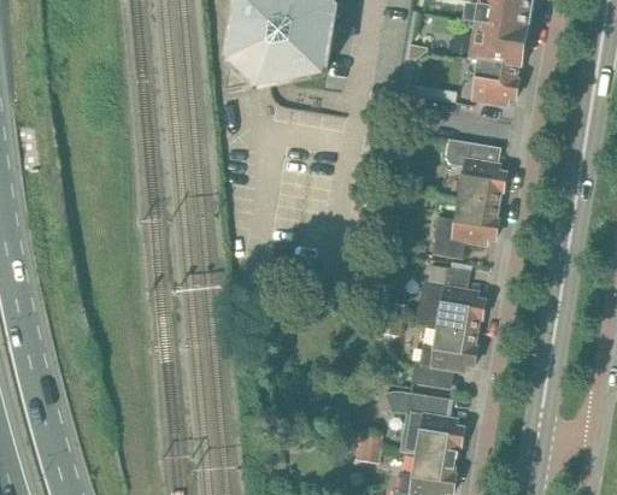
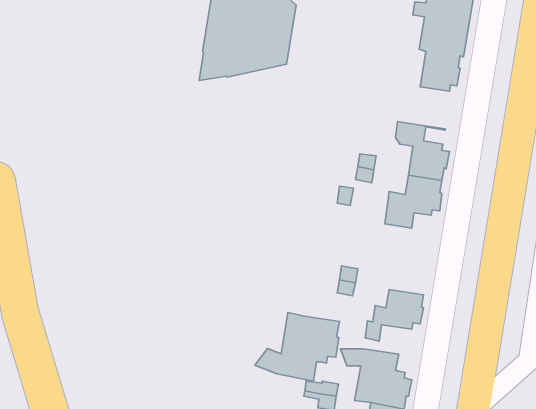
building: [417,266,484,334] -> none
building: none -> [255,313,339,381]

